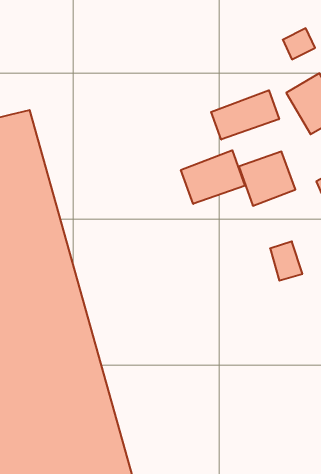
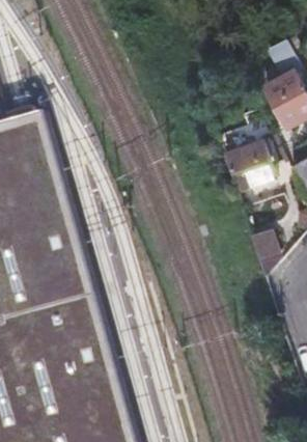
building: [211,90,279,140] -> none
building: [181,150,245,204] -> none

